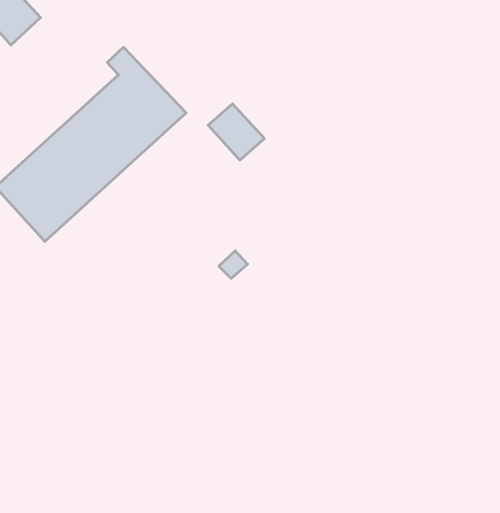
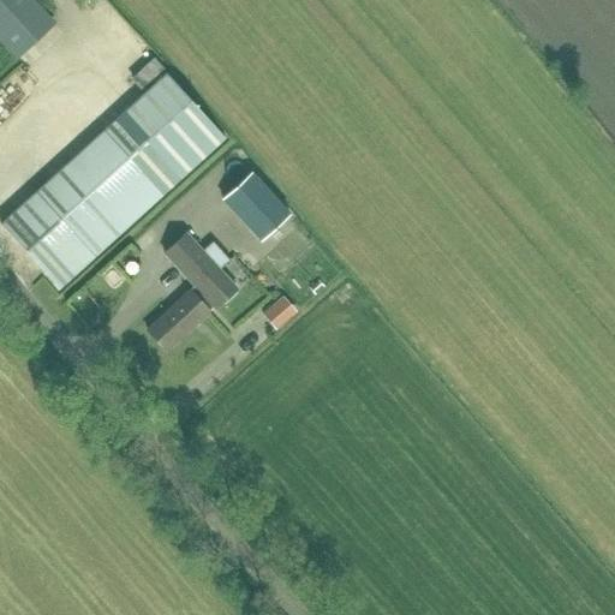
building: [208,104,264,160] -> [221,177,287,243]
building: none -> [148,233,238,348]

